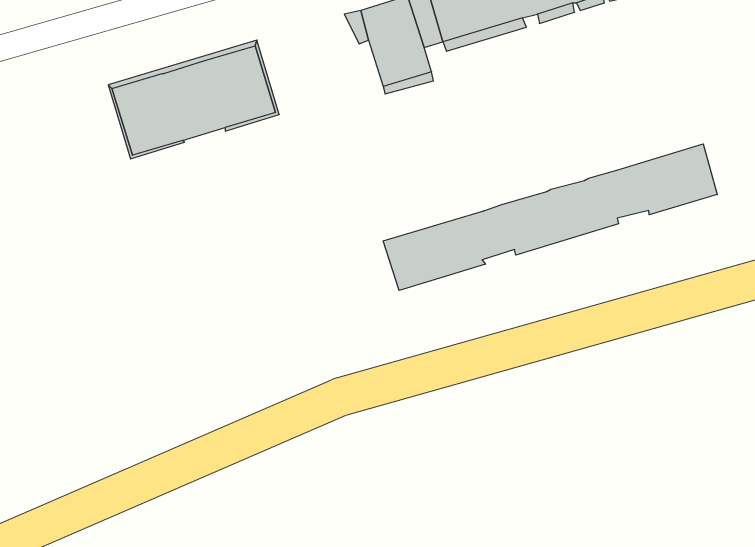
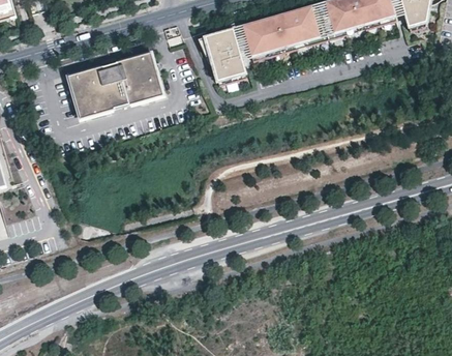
building: [383,144,717,290] -> none

